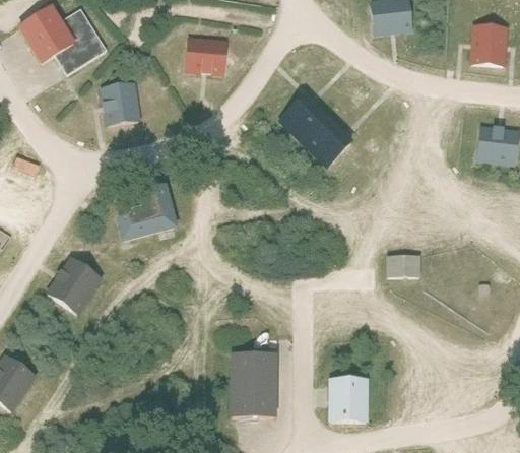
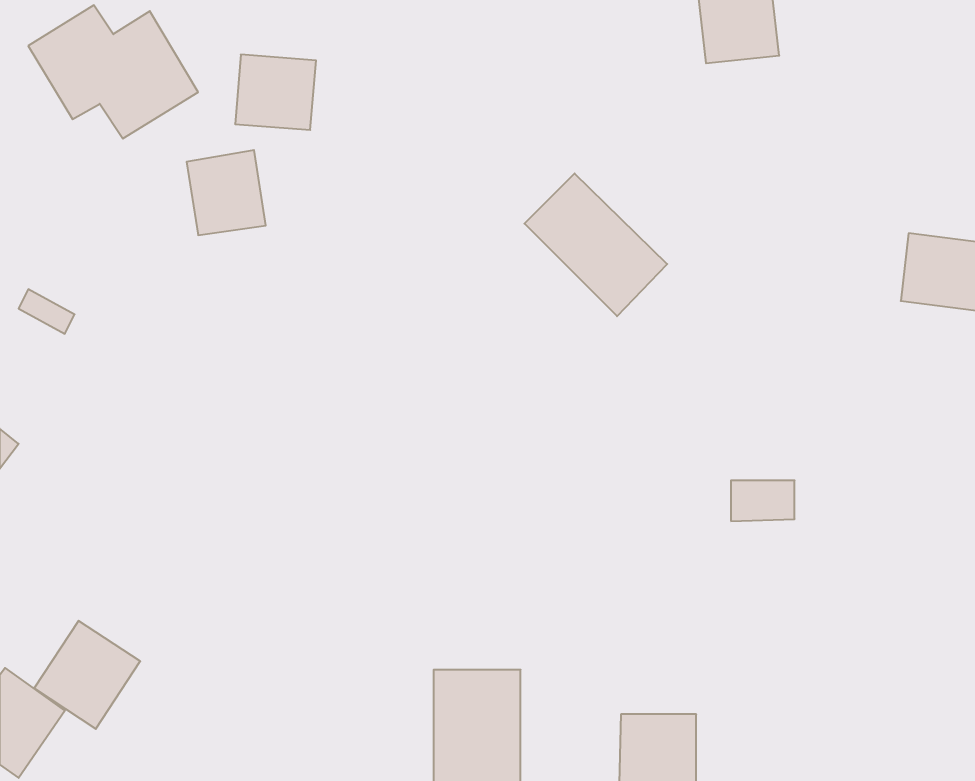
building: [469,23,509,66] -> none
building: [184,36,226,75] -> [235,55,316,130]
building: [115,172,178,241] -> none
building: [46,256,102,313] -> [34,621,140,729]

